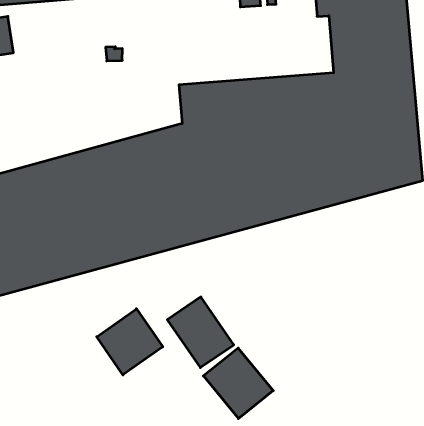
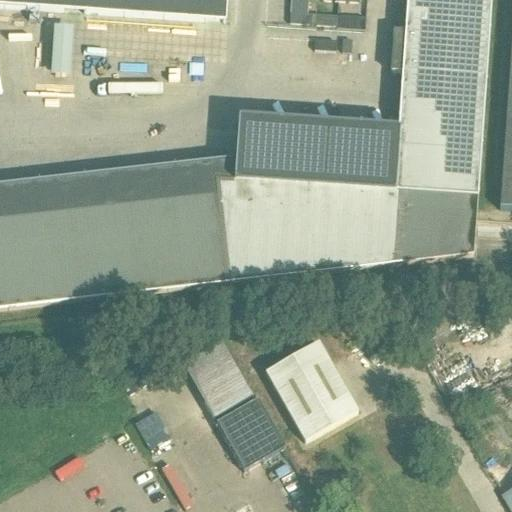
building: none -> [265,337,359,439]
building: [97,309,163,375] -> none

